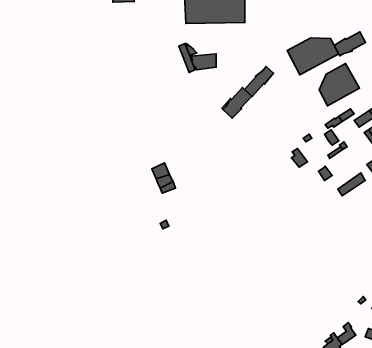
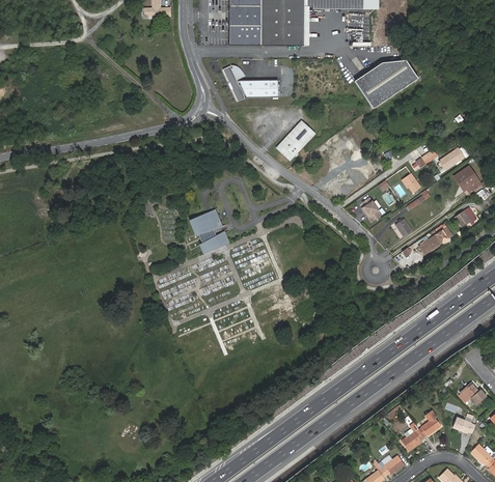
building: [334,32,365,56] -> none
building: [319,64,360,106] -> none
building: [245,66,274,96] -> none

